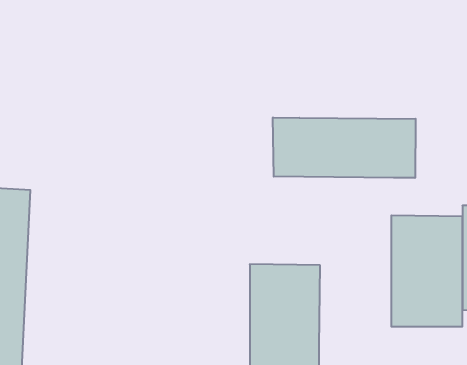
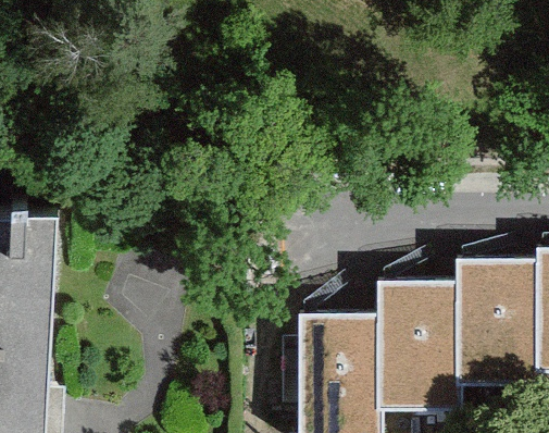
building: [273,117,416,178] -> none
building: none -> [375,280,456,405]

